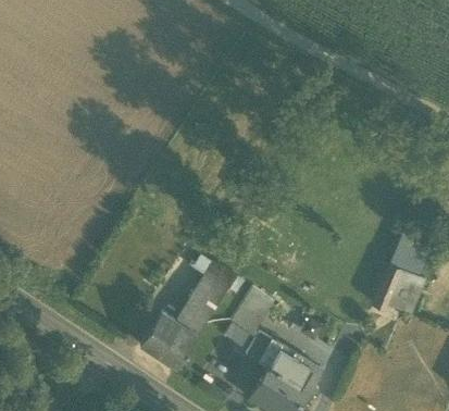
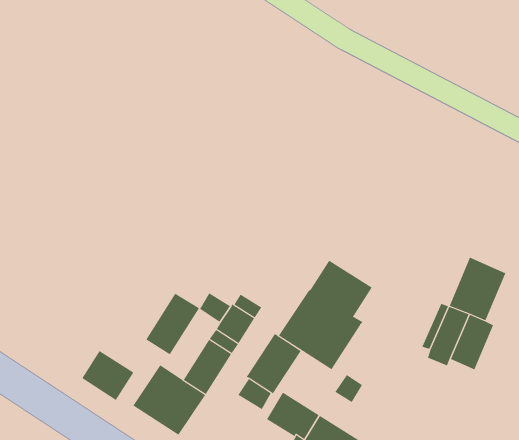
building: none -> [278,260,373,370]
building: none -> [145,293,200,355]
building: none -> [82,350,134,401]

